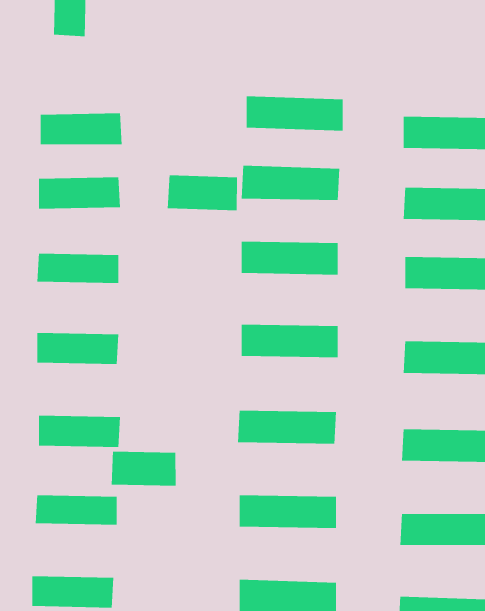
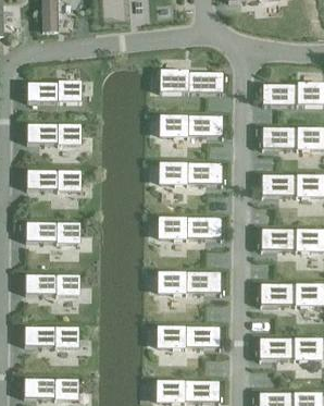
building: [167,174,238,211] -> none
building: [111,451,176,487] -> none

